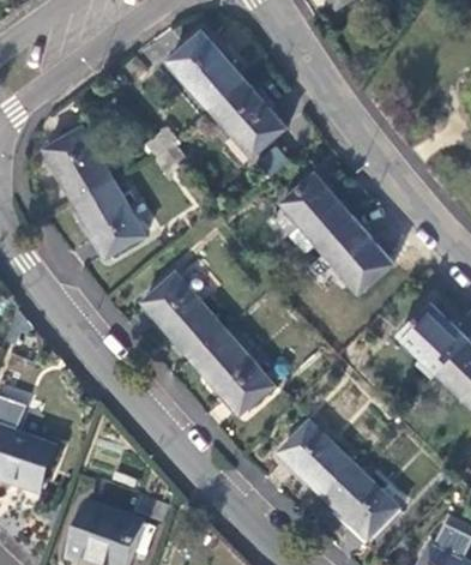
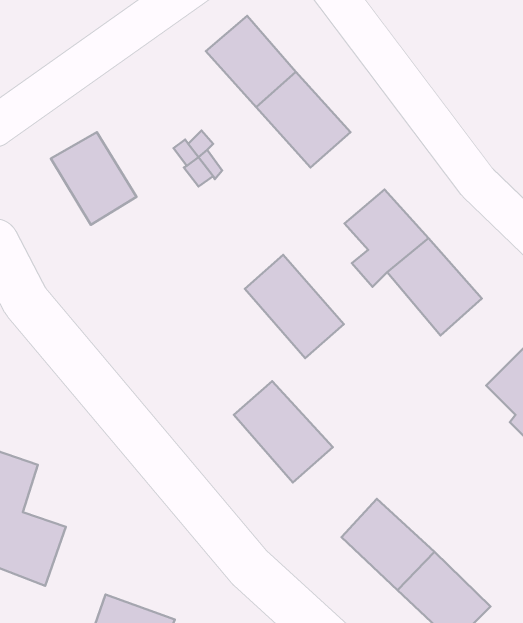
building: [74,179,143,256] -> none
building: [141,272,222,356] -> [245,255,344,358]

